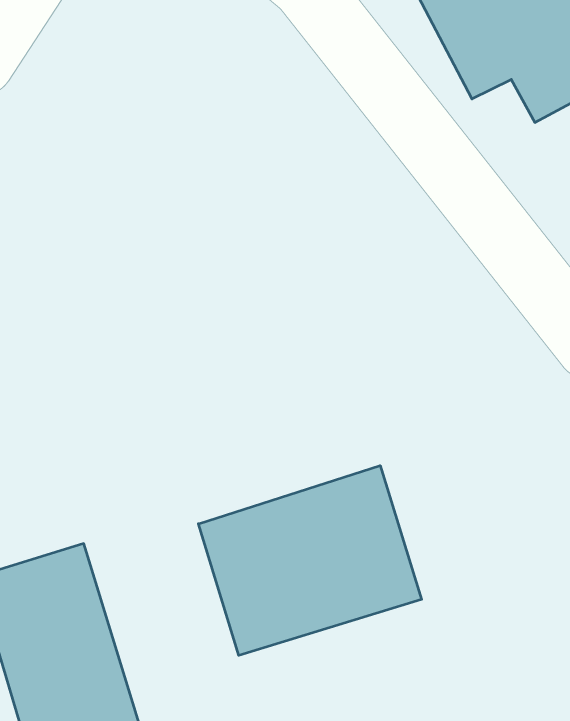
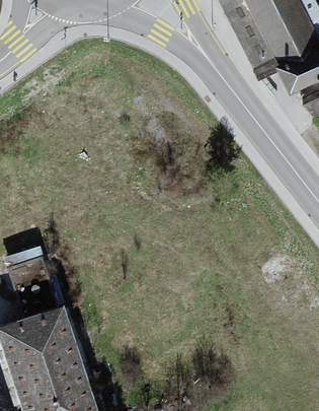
building: [198,466,422,655] -> none

